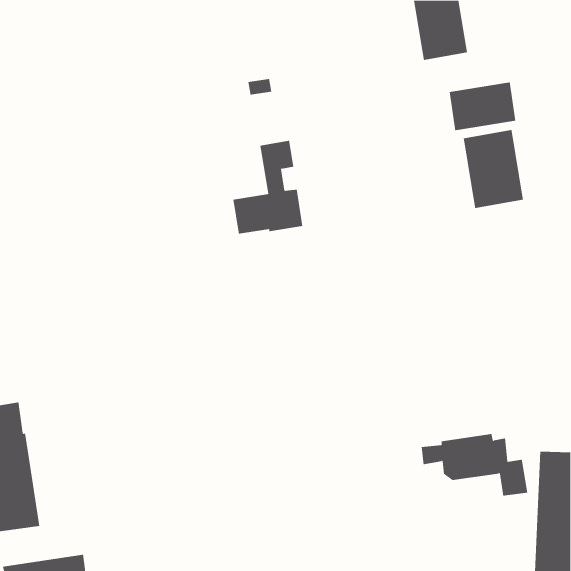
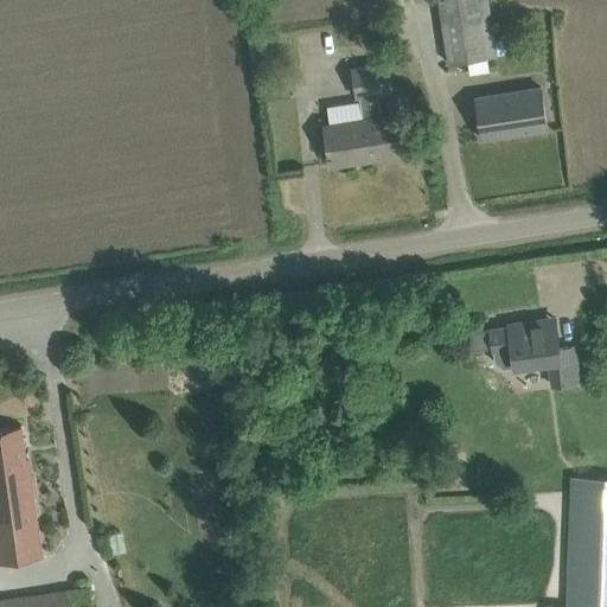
building: [463,129,523,209] -> none
building: [233,140,303,234] -> [325,64,400,164]
building: [421,433,528,496] -> [466,320,580,386]

